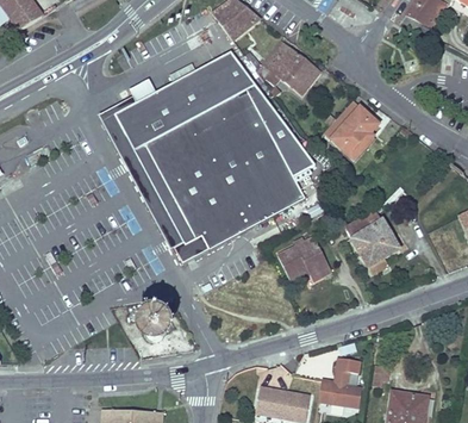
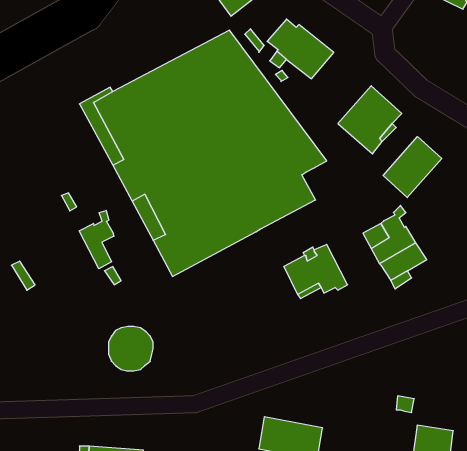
building: none -> [383,137,442,198]
building: none -> [79,210,114,269]
building: [320,354,363,405] -> none

